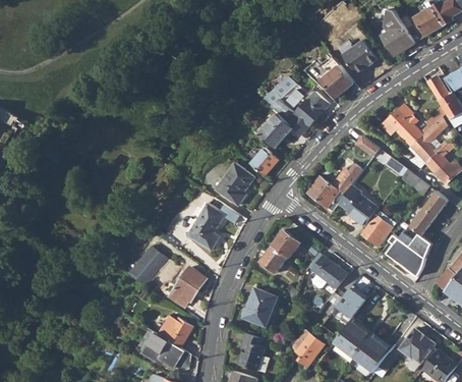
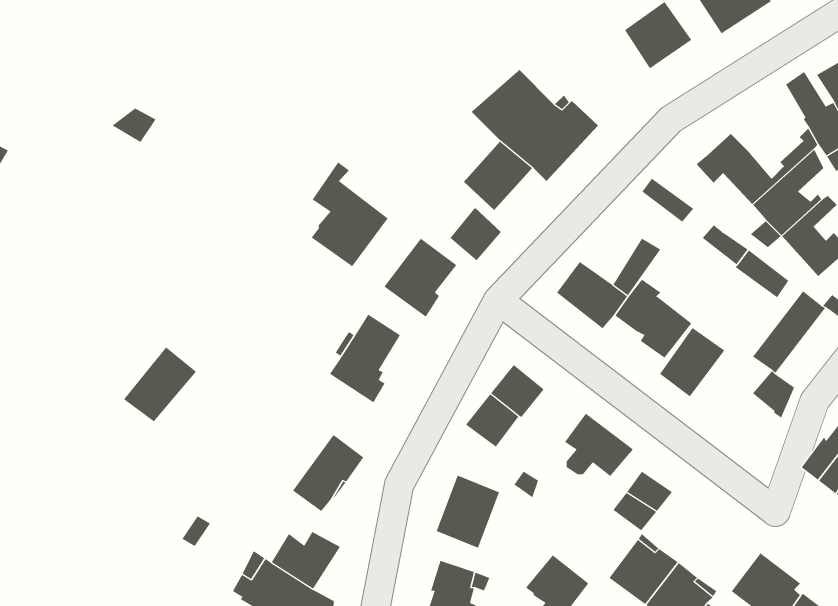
building: [321,57,353,97] -> none
building: none -> [311,162,388,267]
building: [387,237,424,276] -> none
building: [128,245,167,285] -> [123,347,197,422]

